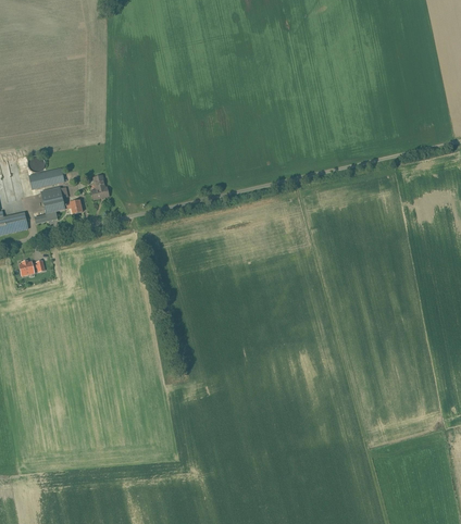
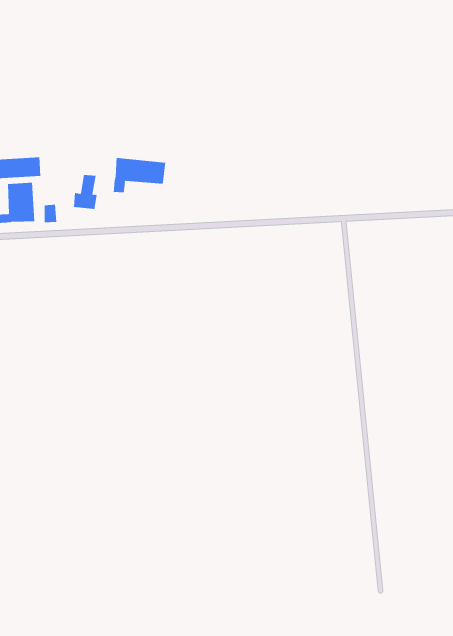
building: none -> [113,157,166,193]

